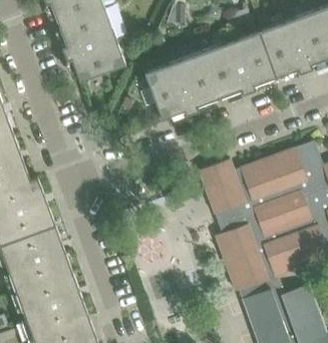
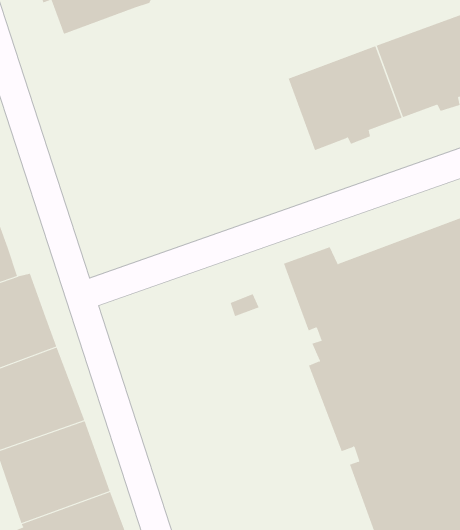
building: [58,8,125,82] -> none
building: [143,53,219,120] -> none

